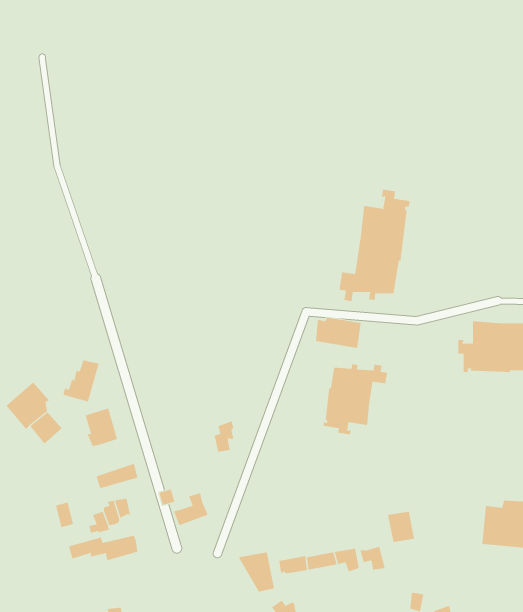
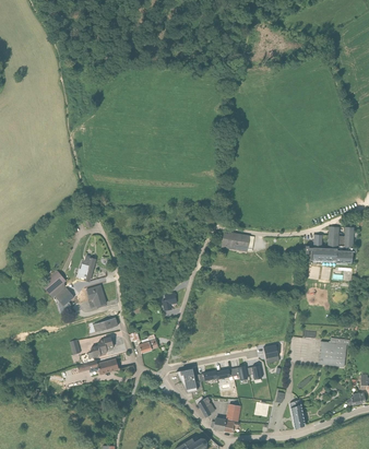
building: [339,189,410,302] -> none
building: [323,364,387,435] -> none

